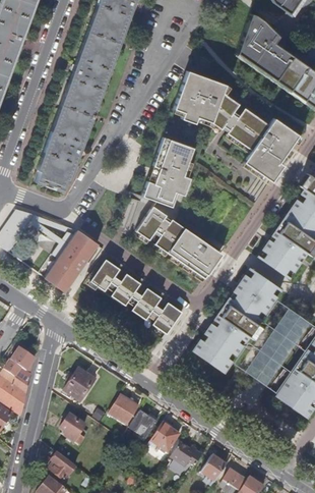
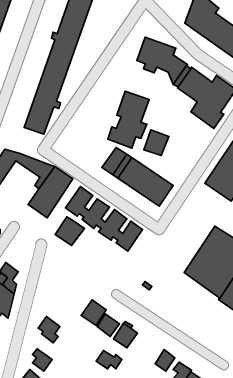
building: none -> [144,130,169,156]
building: [190,268,281,376] -> none
building: none -> [55,217,84,246]
building: [63,368,96,401] -> none
building: [170,443,201,465] -> [96,351,122,369]

